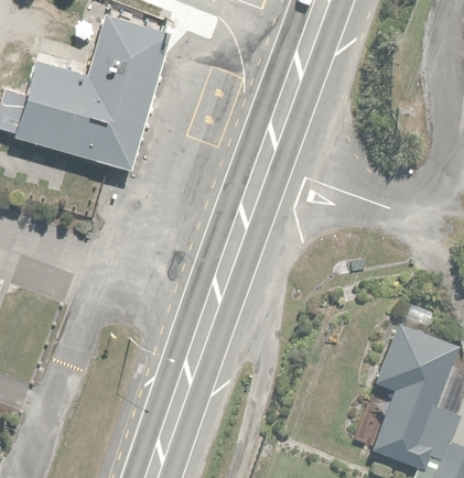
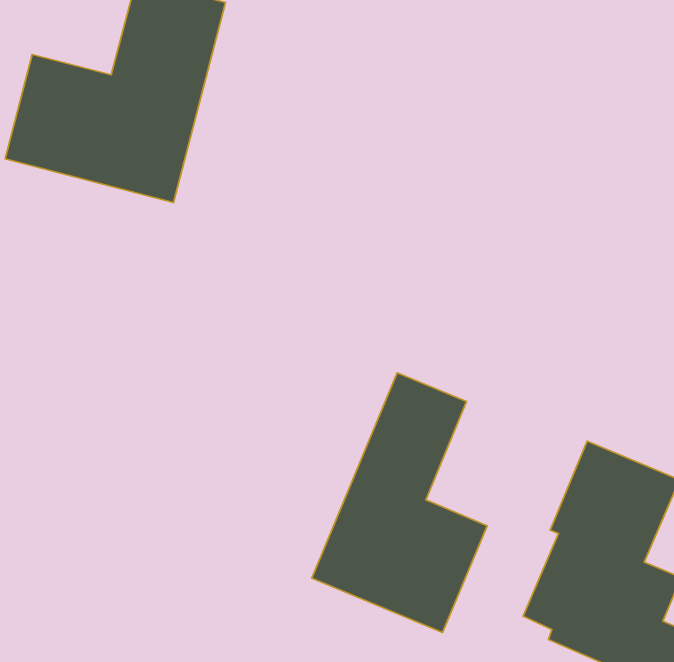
building: none -> [312,373,487,633]

